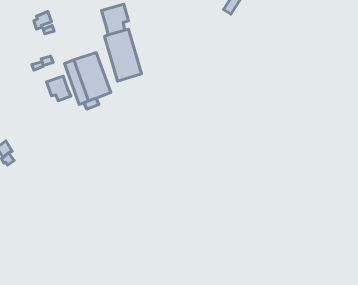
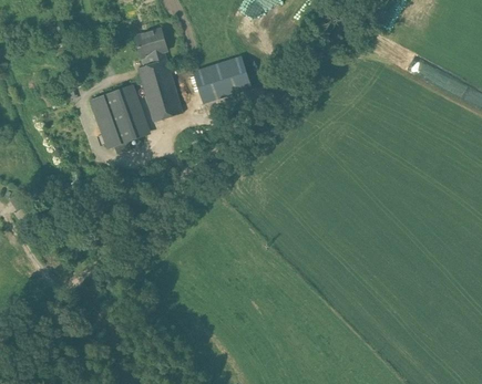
building: none -> [192,55,250,101]
building: [46,76,71,101] -> none

